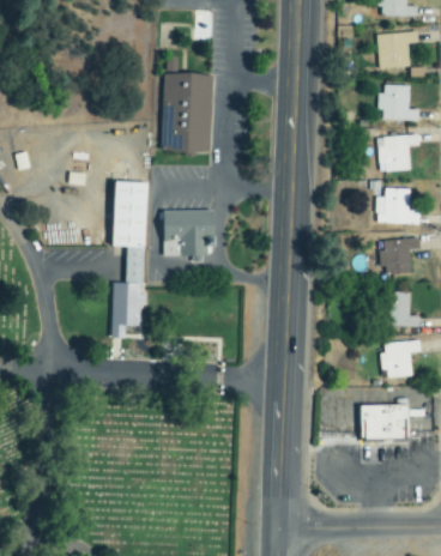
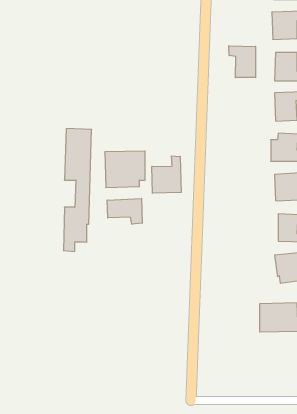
building: [162,56,212,152] -> none
building: none -> [229,46,256,78]
building: none -> [152,156,181,193]
building: none -> [107,198,142,224]

